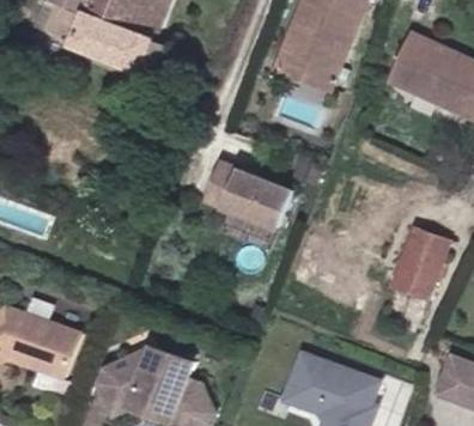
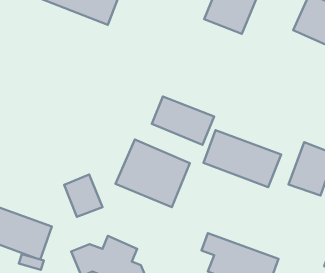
building: none -> [204,130,281,187]
building: none -> [115,139,190,207]
building: none -> [64,174,102,217]

